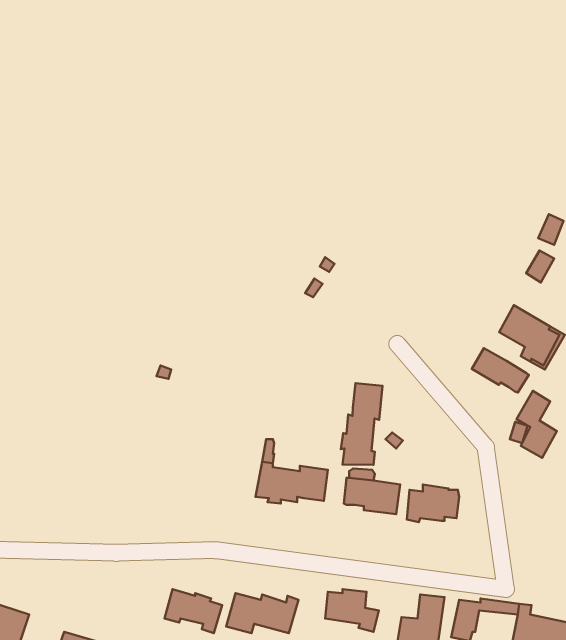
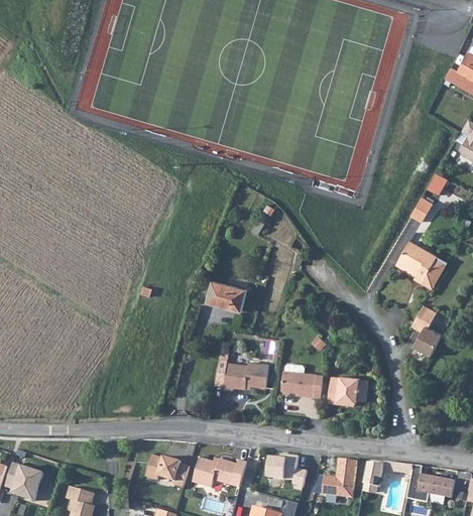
building: [472,348,529,392] -> none
building: none -> [207,281,246,311]
building: [341,383,382,465] -> none

